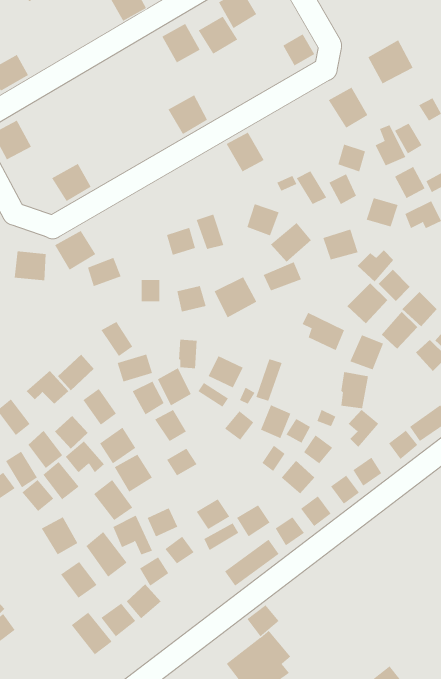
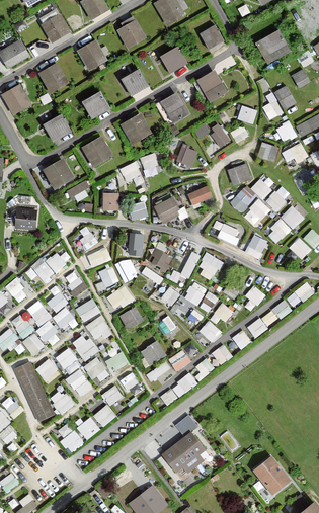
building: none -> [42,16,69,42]
building: [198,16,238,54] -> [159,49,186,75]
building: none -> [78,44,105,71]
building: [328,87,368,129] -> [197,73,225,101]
building: none -> [39,66,66,93]
building: none -> [82,93,109,119]
building: none -> [123,116,150,144]
building: none -> [83,140,110,166]
building: [270,222,312,262] -> [229,184,257,211]
building: [14,251,47,281] -> [14,209,36,230]
building: [341,372,369,409] -> [201,252,220,277]
building: none -> [55,345,81,372]
building: none -> [14,362,55,423]

